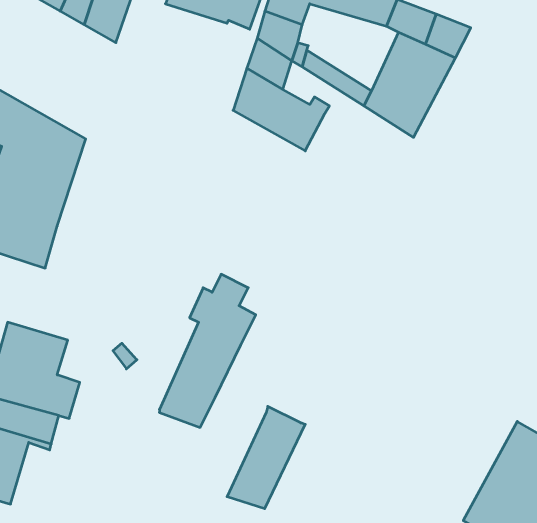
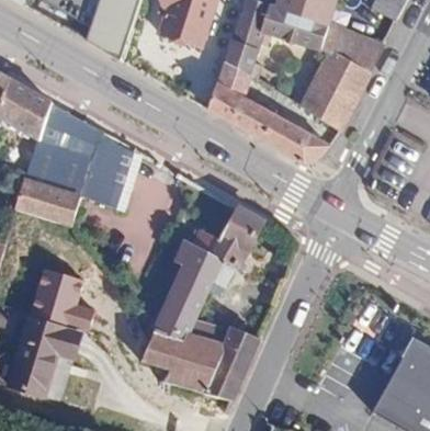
building: none -> [260,112,329,163]
building: none -> [79,131,133,206]
building: none -> [212,206,264,285]
building: none -> [140,319,231,392]

